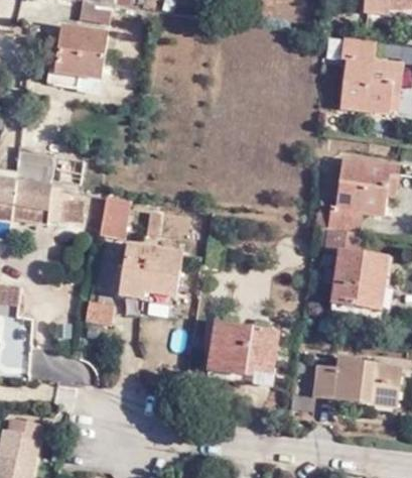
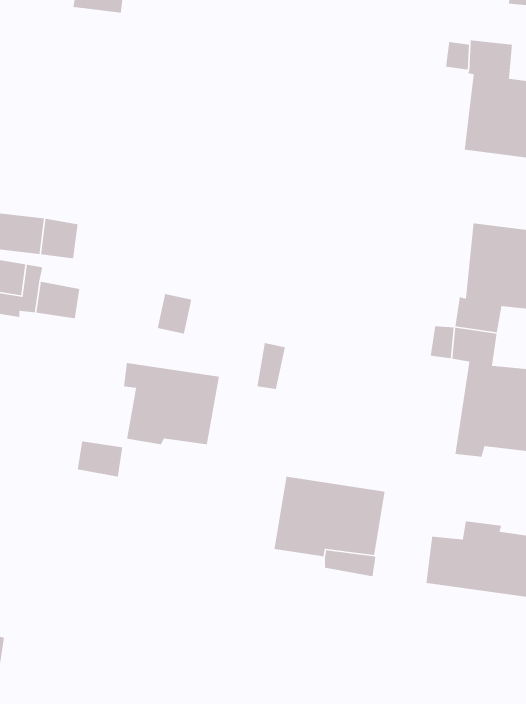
building: [54,26,106,76] -> none
building: [100,194,130,235] -> none

